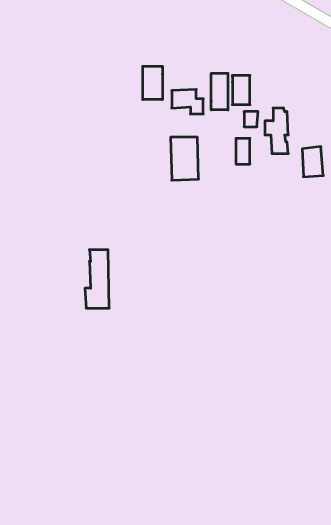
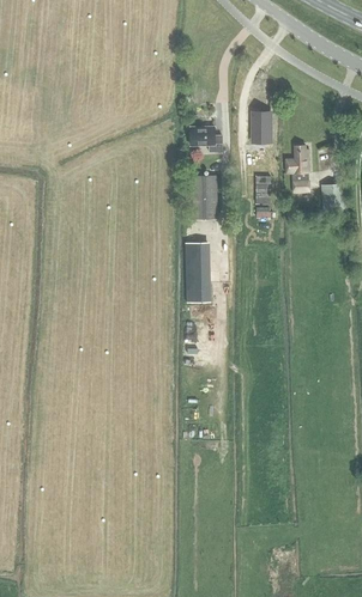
building: [143,66,162,100] -> none
building: [211,73,228,110] -> none
building: [85,250,109,308] -> [187,239,212,299]

